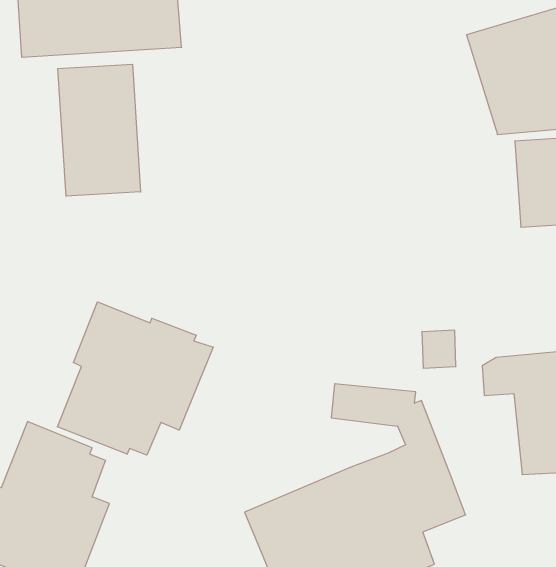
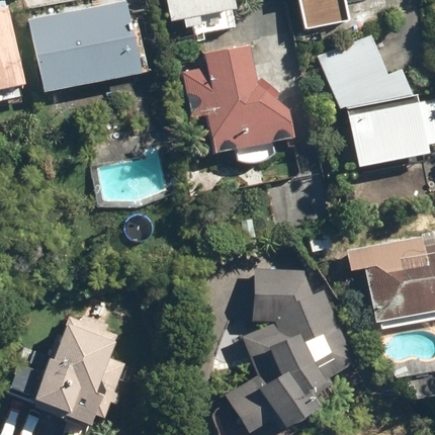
building: none -> [179,46,296,165]
building: [58,64,141,196] -> none
building: [57,302,213,455] -> none

